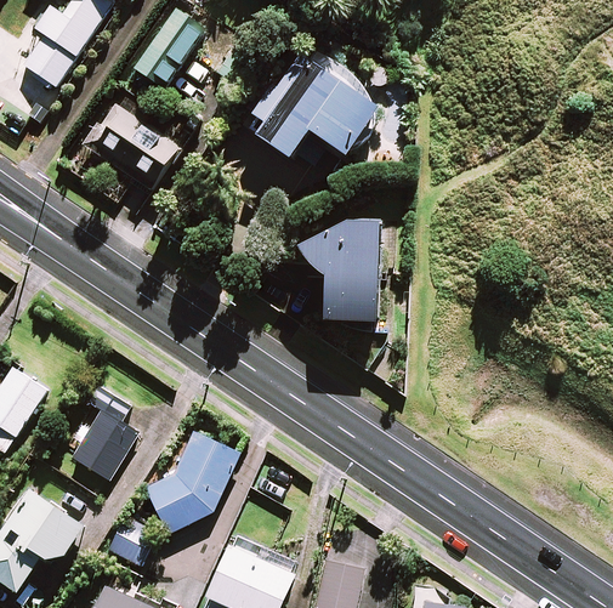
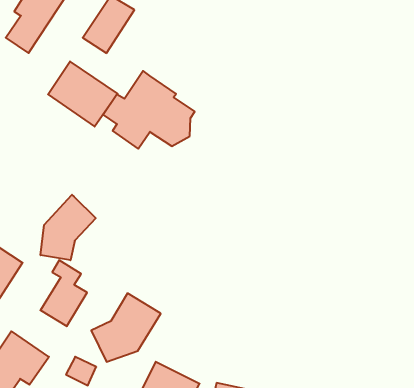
building: [245,47,376,159] -> [103,71,195,149]
building: [301,217,379,318] -> none
building: none -> [41,195,96,260]

